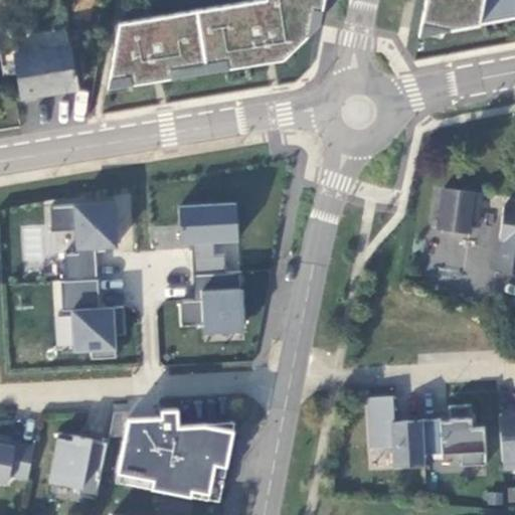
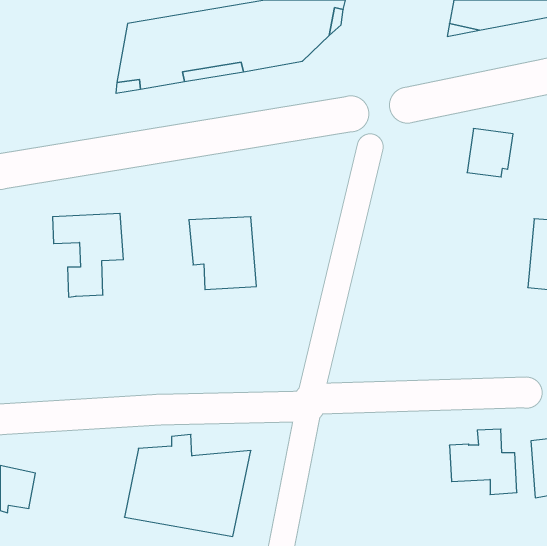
building: [17,43,76,93] -> none
building: [437,191,480,236] -> [467,129,513,177]
building: [181,271,244,332] -> none
building: [60,279,125,358] -> none
building: [368,396,425,466] -> none
building: [49,433,108,498] -> none

